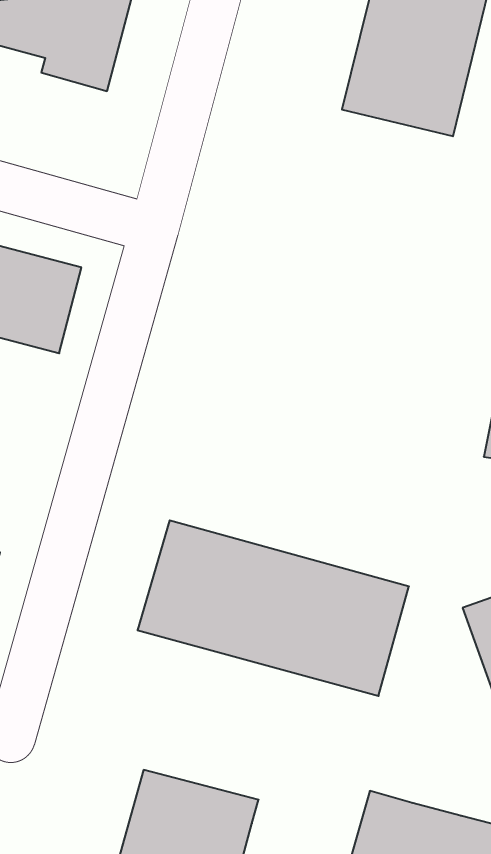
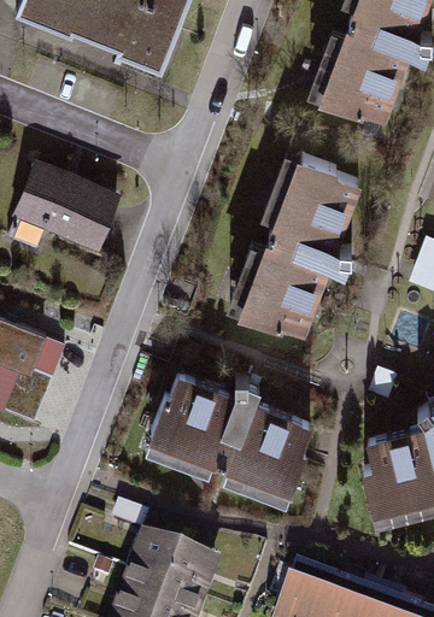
building: none -> [228,153,358,339]

